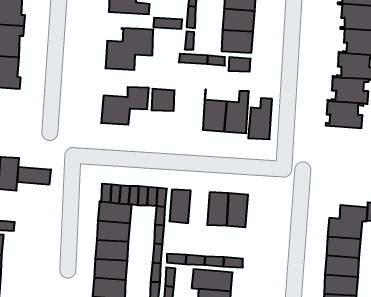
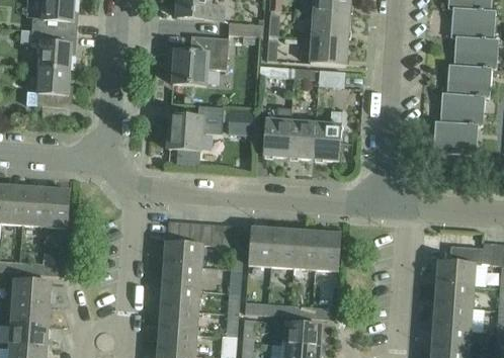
building: [248,98,272,139] -> [262,107,290,156]
building: [17,167,51,185] -> none
building: none -> [270,228,296,268]

